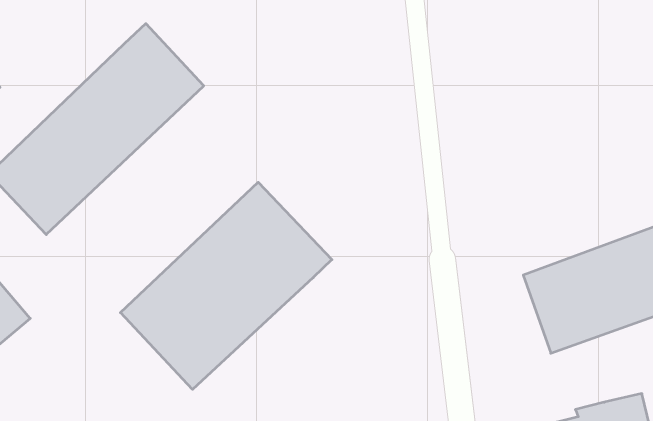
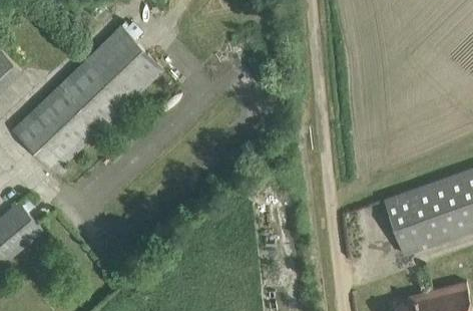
building: [120,182,332,389] -> none

